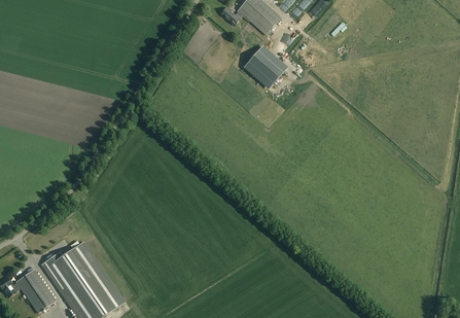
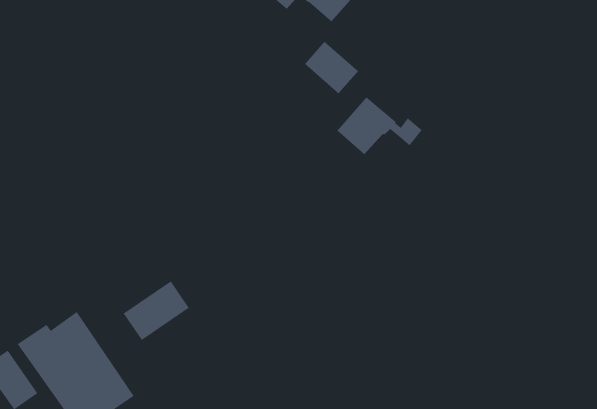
building: none -> [337,97,422,155]
building: none -> [123,280,190,341]

